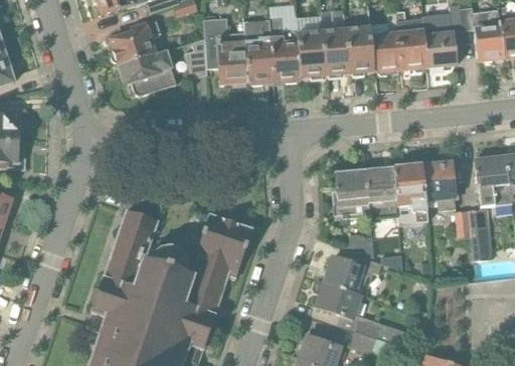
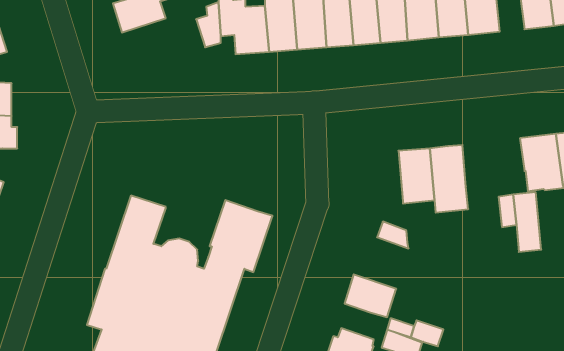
building: [118,49,176,96] -> none
building: [422,162,456,210] -> none
building: [333,170,369,218] -> none
building: [325,254,382,295] -> none

